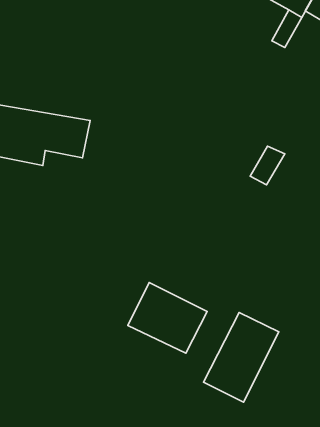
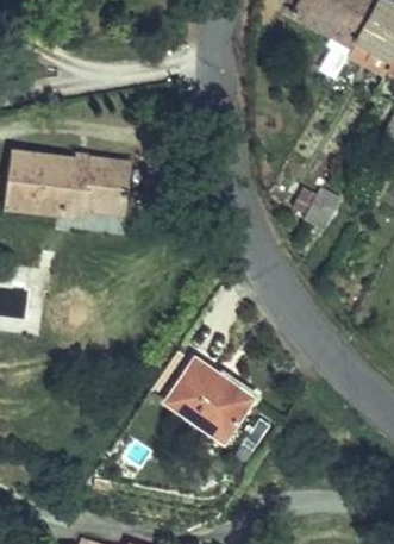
building: [203,313,279,402] -> none

